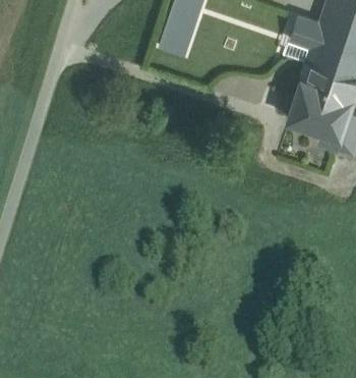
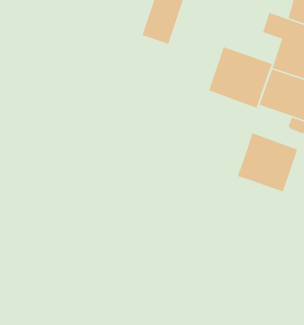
building: none -> [208,46,273,109]
building: none -> [237,132,298,193]

